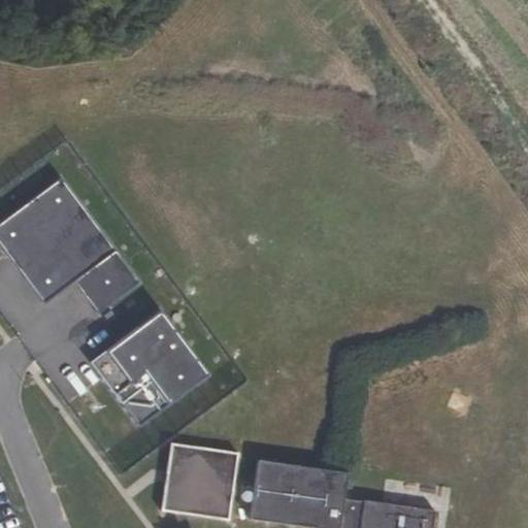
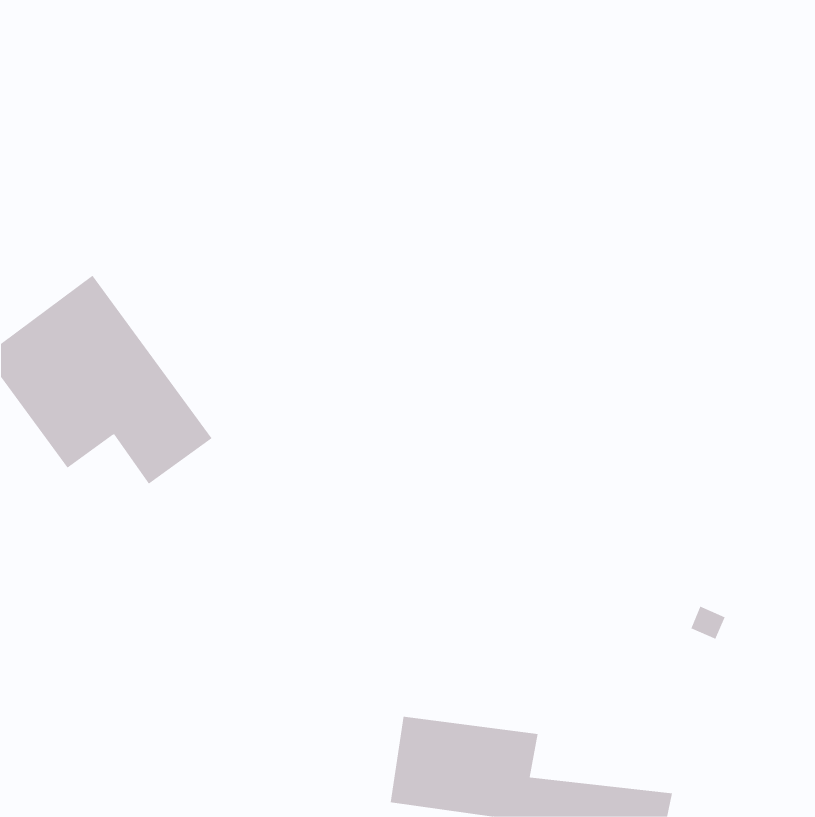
building: [92,312,206,425] -> none
building: [162,443,237,520] -> none

